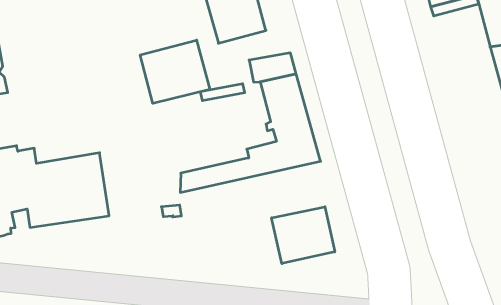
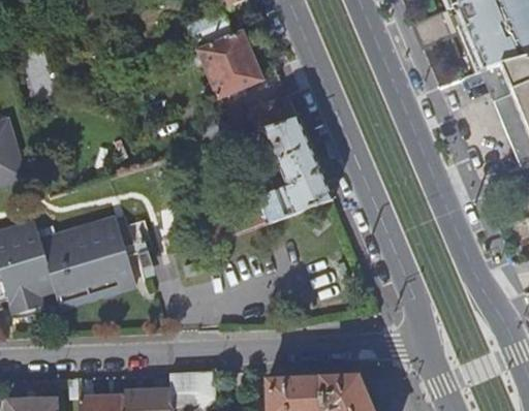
building: [140,40,210,103] -> none
building: [272,207,335,264] -> none

